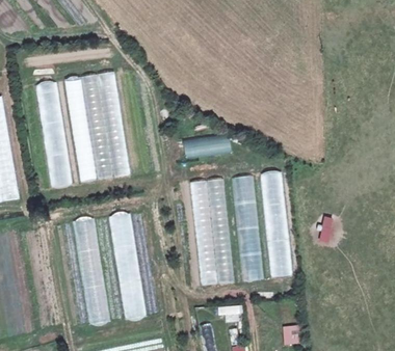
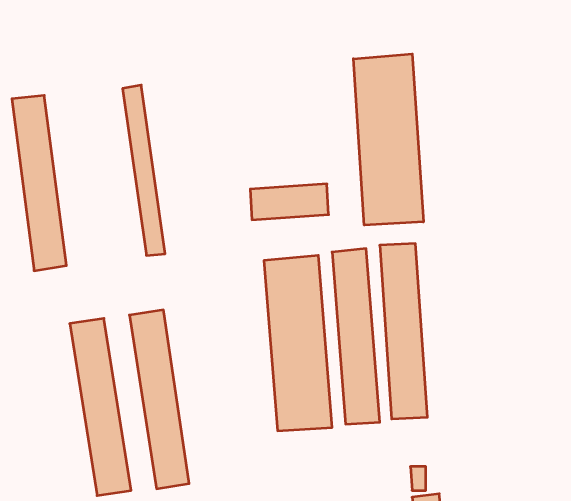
building: none -> [353,54,423,225]
building: [65,73,110,181] -> none

